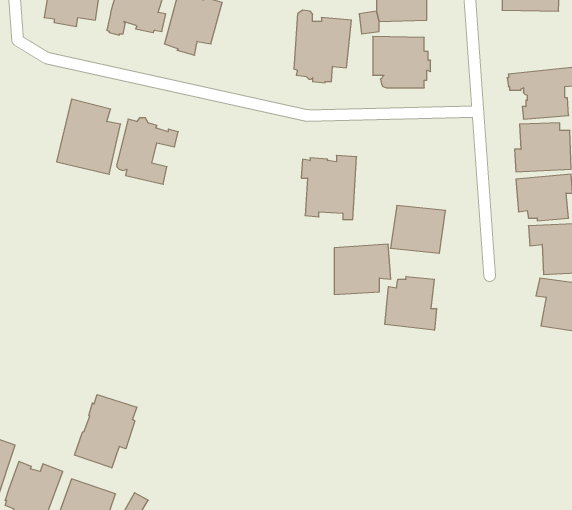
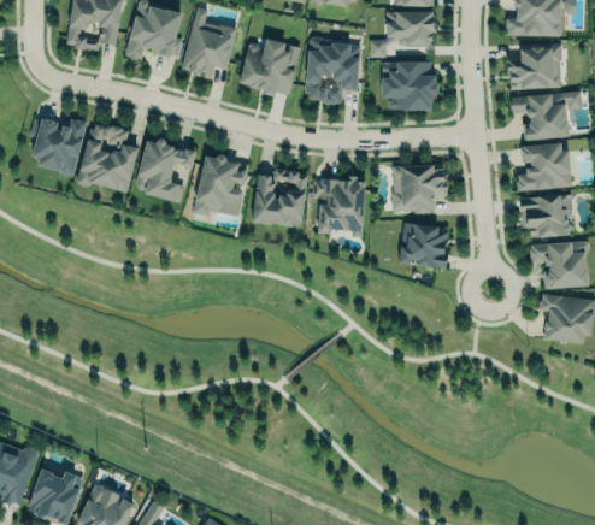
building: none -> [240,39,301,95]
building: none -> [507,42,562,89]
building: none -> [29,118,88,176]
building: none -> [194,154,246,216]
building: none -> [252,169,308,226]
building: [334,244,391,294] -> [393,163,447,211]
building: [385,276,436,330] -> none
building: [74,395,137,468] -> none

